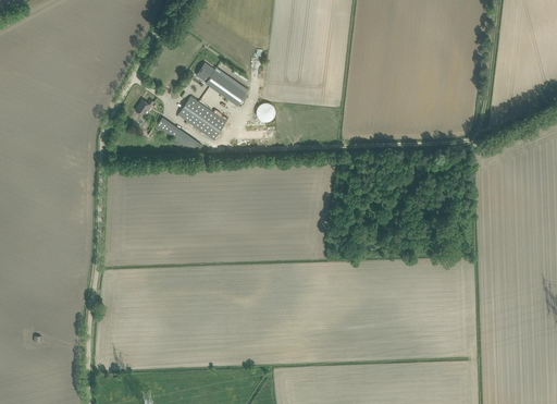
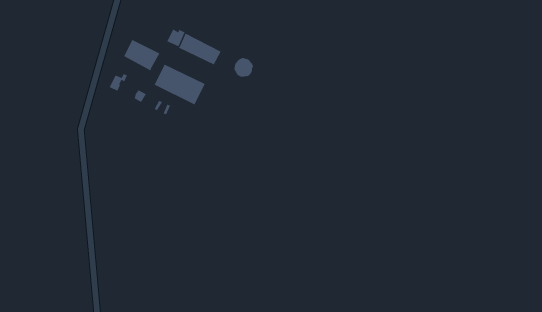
building: none -> [124,39,160,71]

